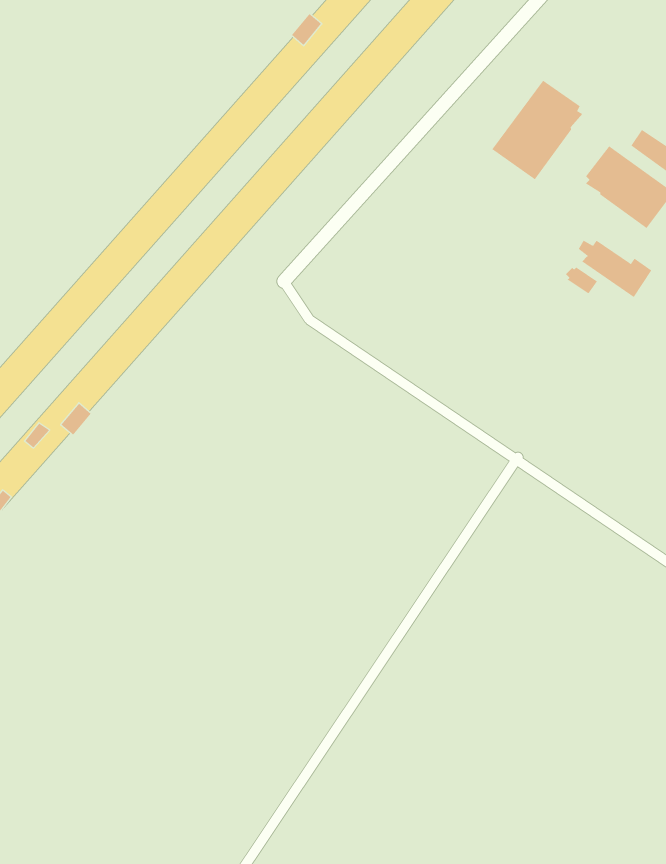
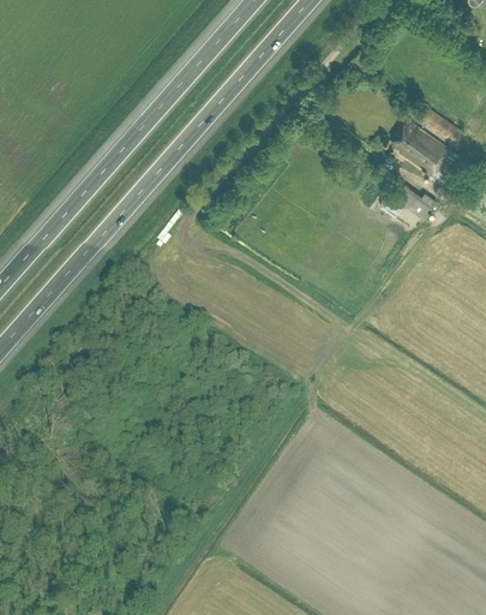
building: [492,80,583,180] -> none

